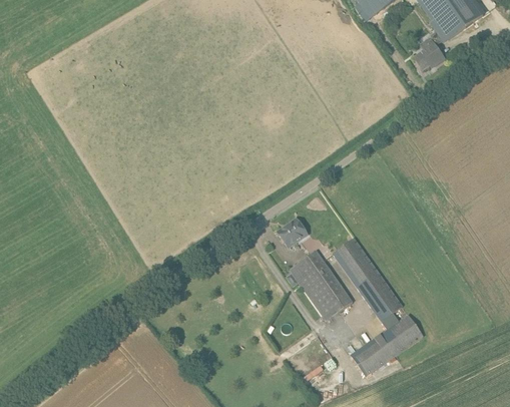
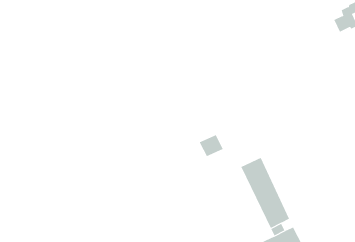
building: [290,250,353,321] -> none

